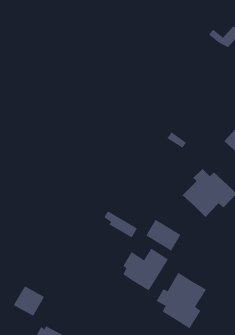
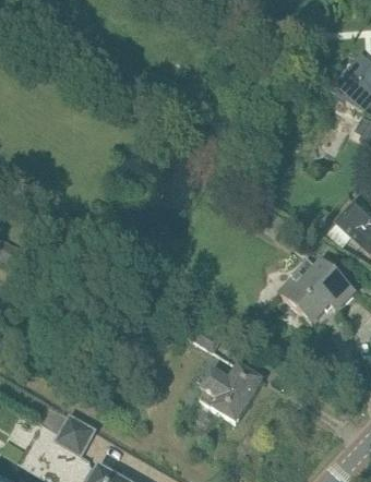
building: [146,219,181,252] -> none
building: [156,272,207,329] -> none

